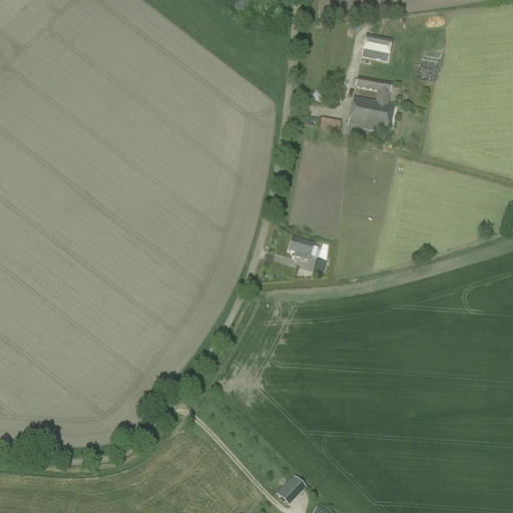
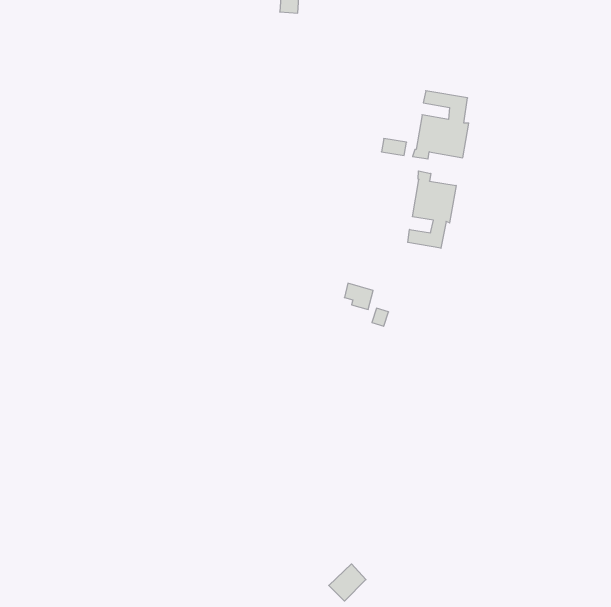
building: [360,33,392,63] -> none
building: none -> [408,171,456,248]

